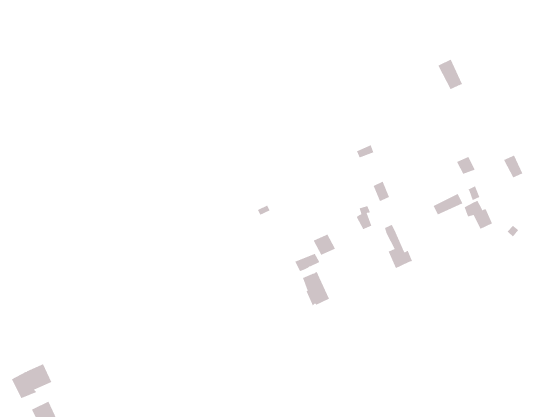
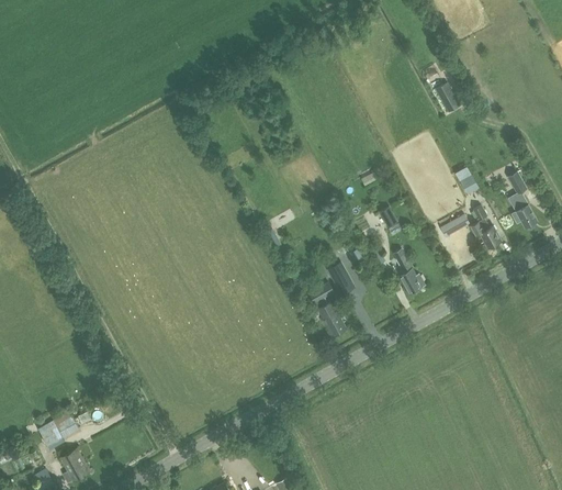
building: none -> [512,197,537,231]

